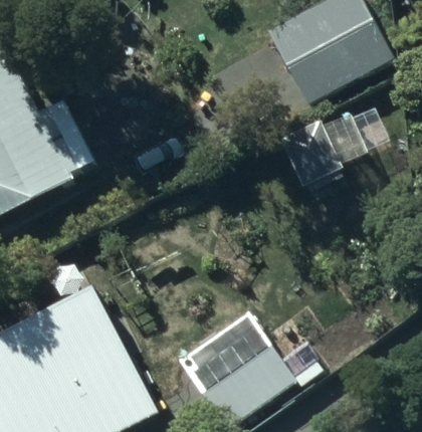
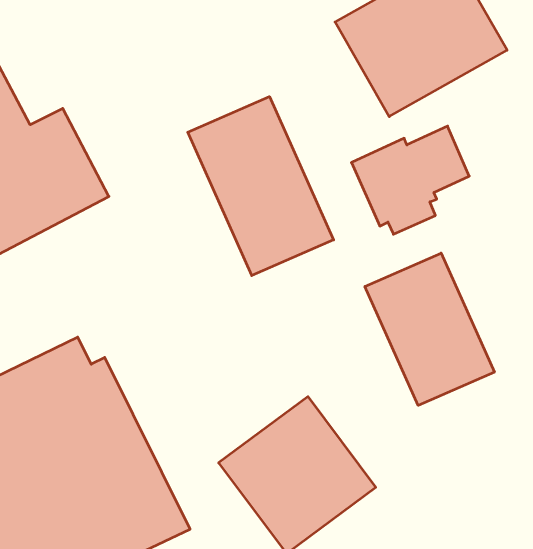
building: none -> [188,97,334,276]
building: none -> [365,253,494,405]

